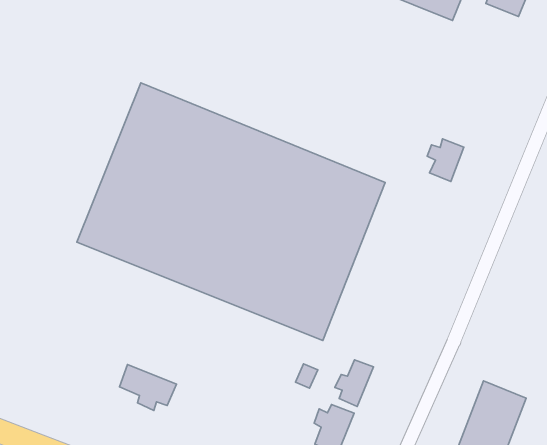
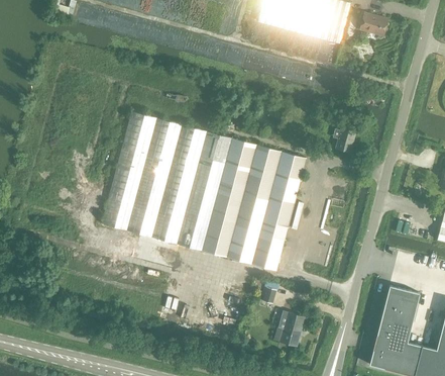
building: [335,360,373,407] -> none
building: [120,364,176,411] -> none

